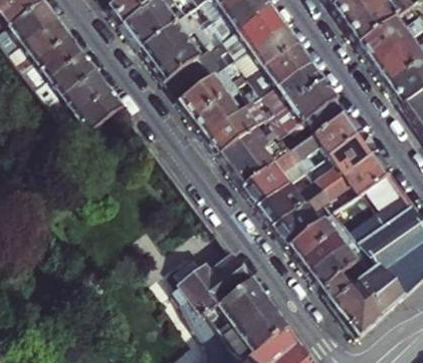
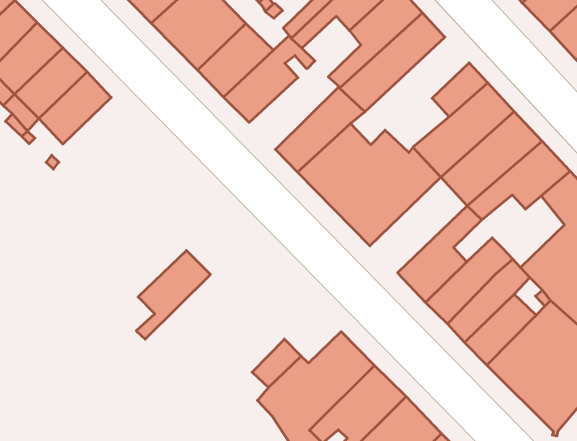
building: [266,78,336,127] -> none
building: [70,88,122,140] -> [136,250,210,339]
building: [193,91,252,134] -> none
building: [258,165,323,222] -> none

